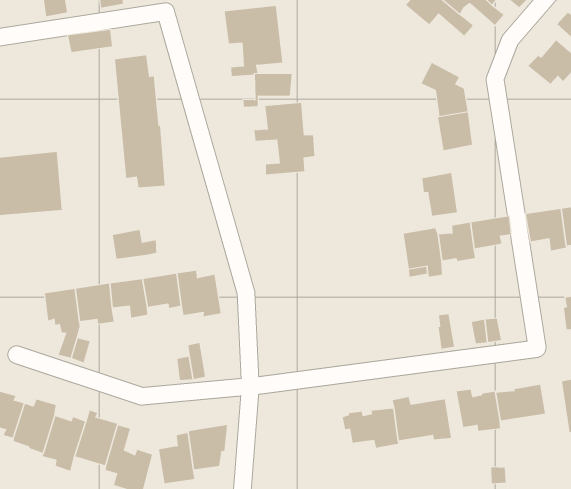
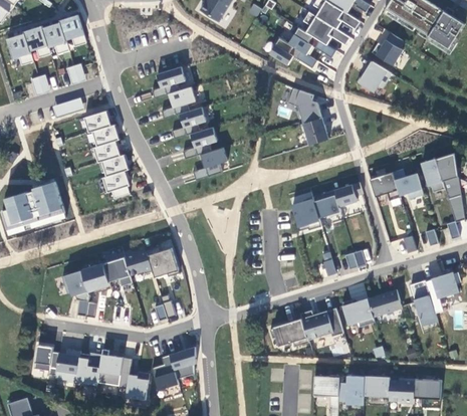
building: [422,172,458,216] -> none
building: [112,229,157,259] -> none

